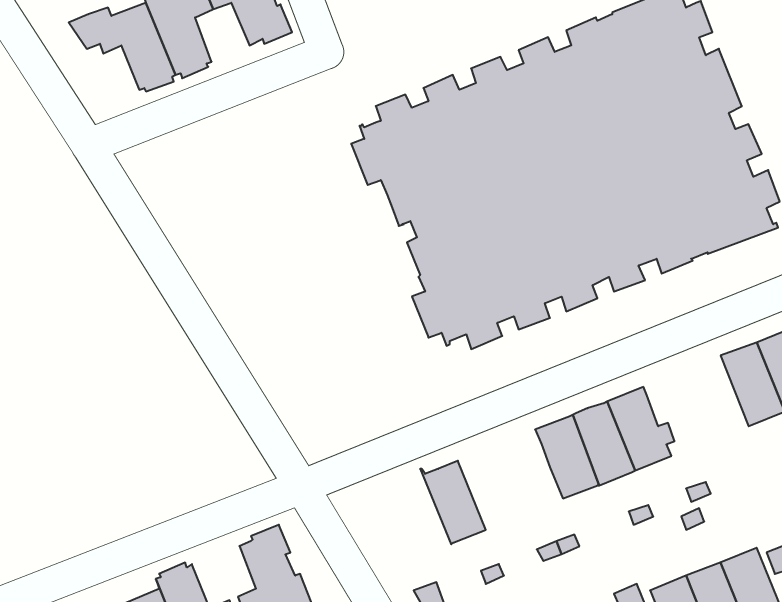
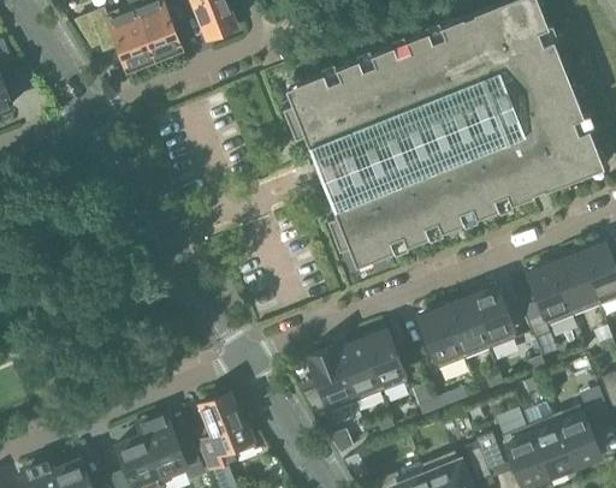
building: none -> [522,264,574,339]
building: none -> [361,331,408,392]
building: none -> [302,347,356,417]

